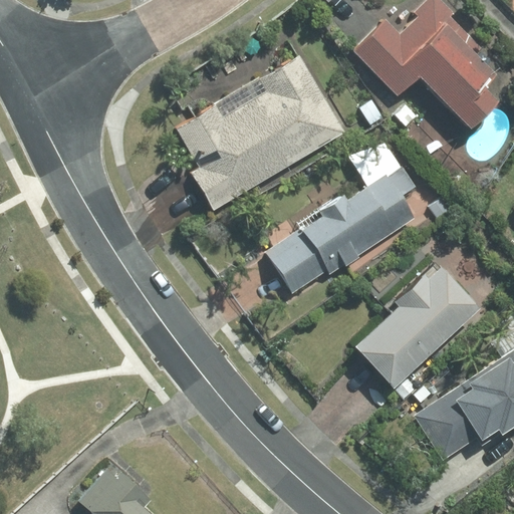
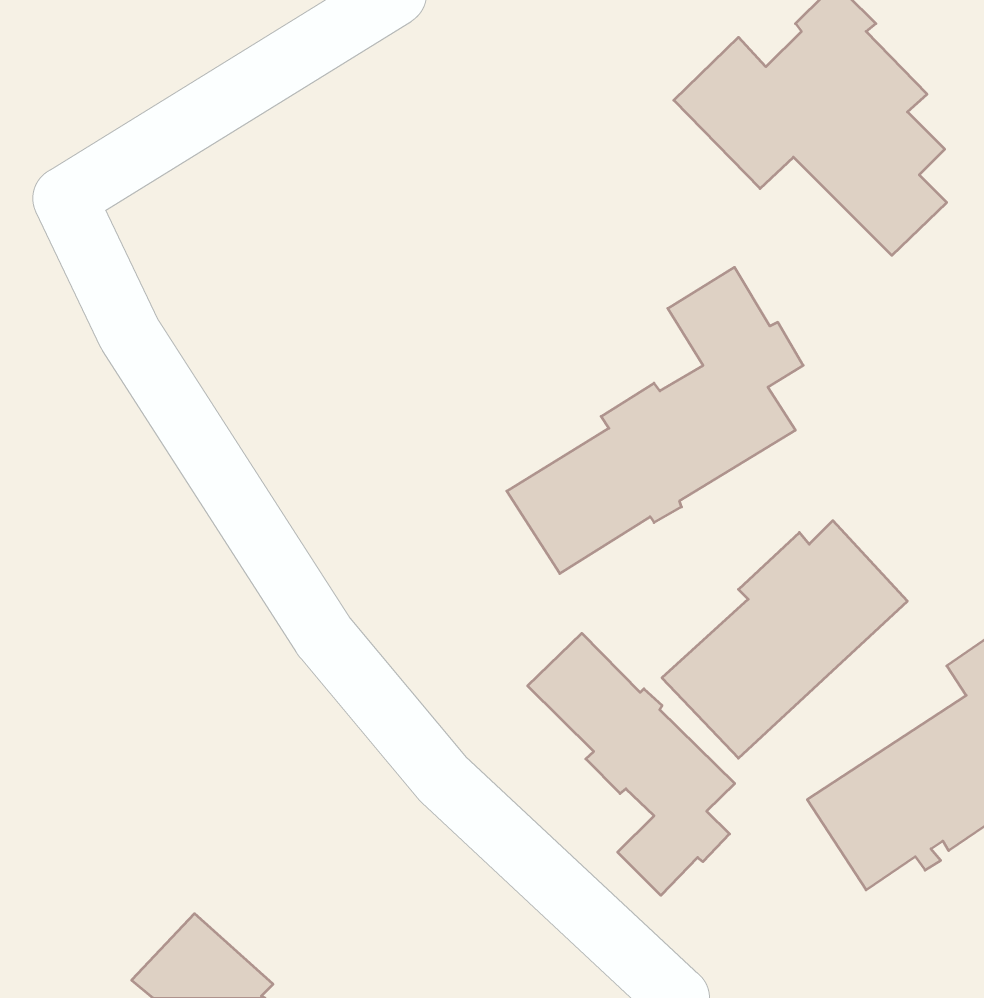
building: [179,56,347,211] -> none
building: none -> [528,633,735,895]

